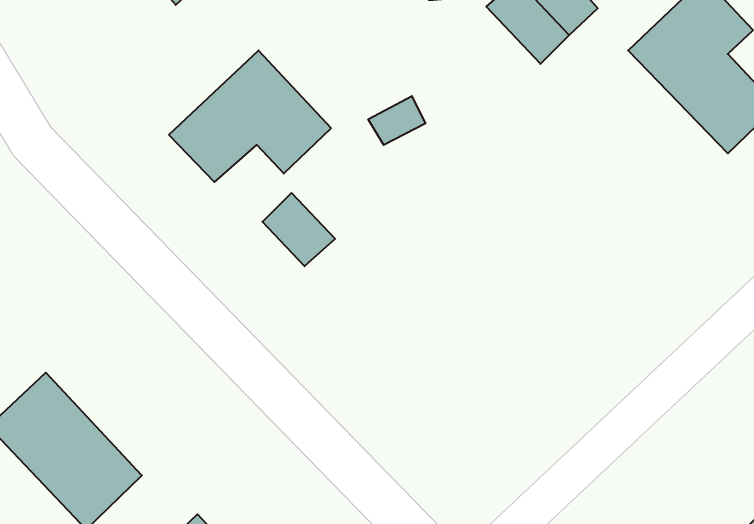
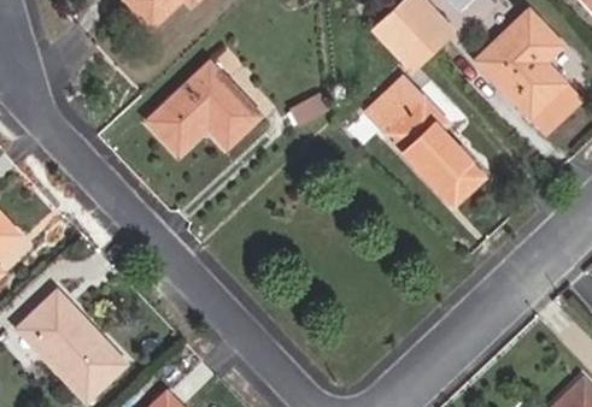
building: none -> [365,76,483,205]
building: [262,193,335,266] -> none

